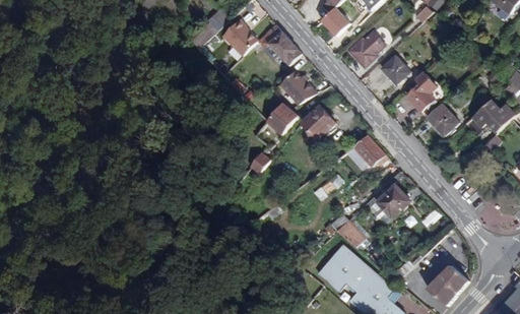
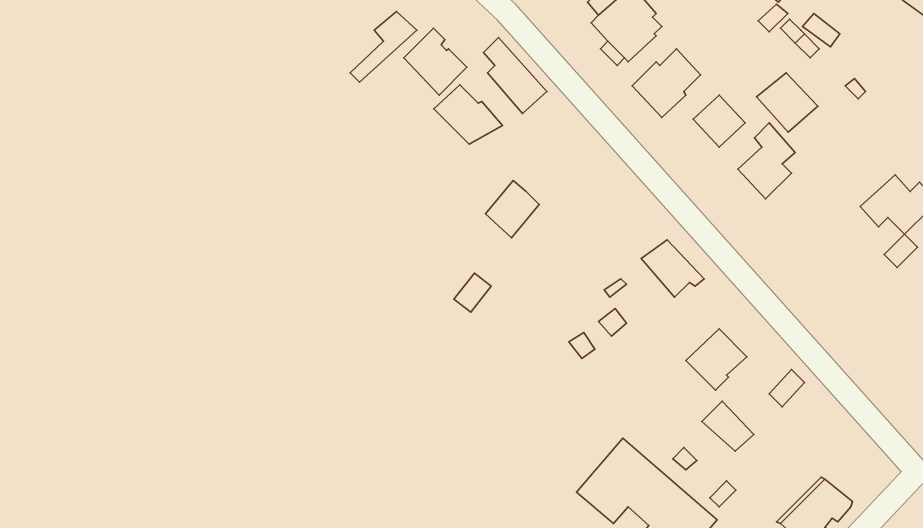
building: [279,71,317,104] -> [434,85,502,144]
building: [426,104,459,136] -> [757,73,818,132]
building: [301,105,336,140] -> none
building: [337,219,366,247] -> [702,401,754,451]

